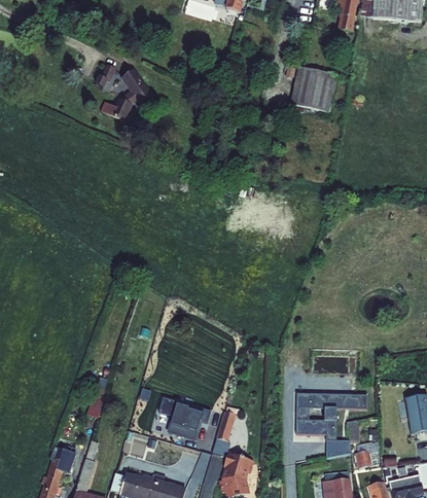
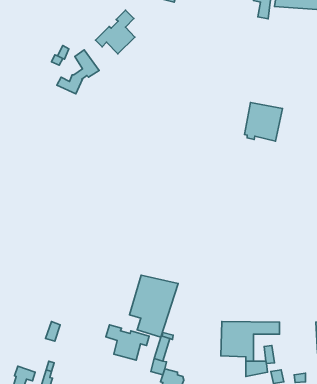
building: none -> [96,10,135,54]
building: [292,67,337,113] -> [245,103,283,141]
building: none -> [130,275,178,337]

